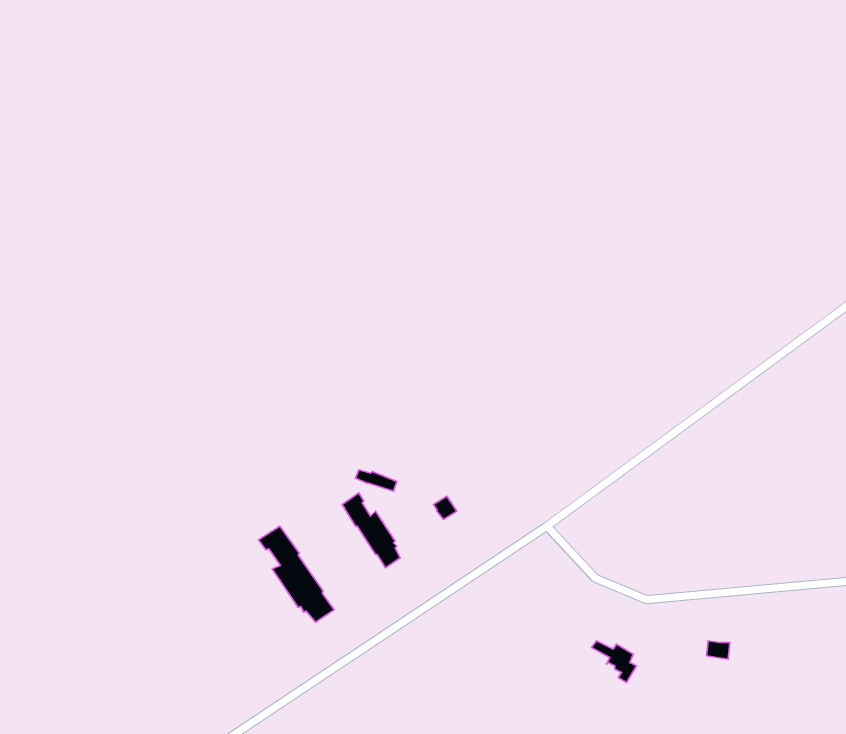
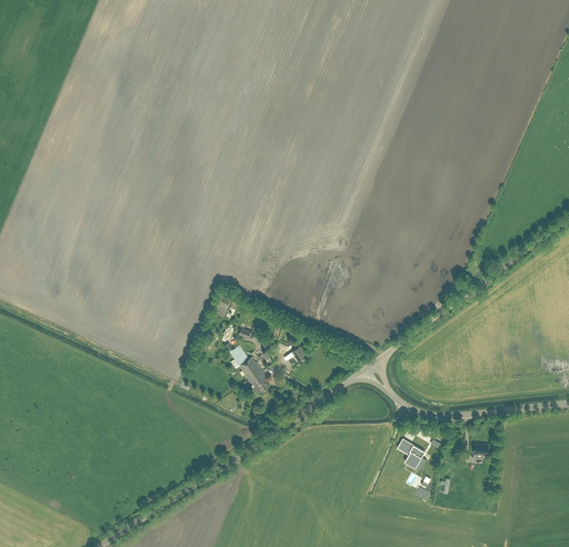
building: [258,526,334,622] -> none

